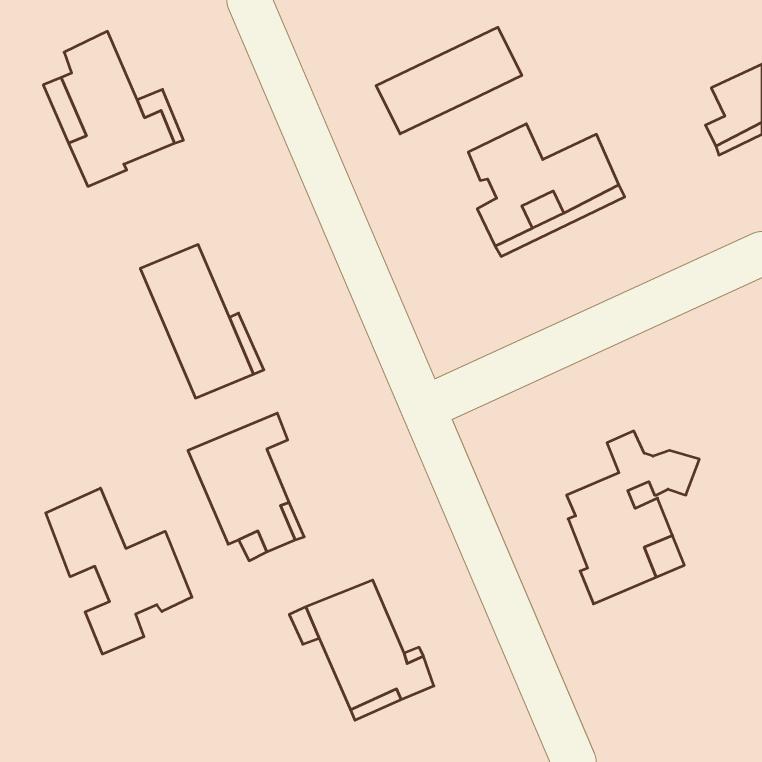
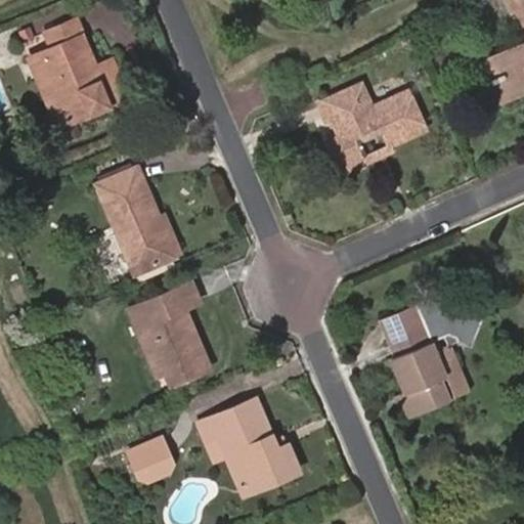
building: [376,27,522,134] -> none
building: none -> [380,304,425,340]
building: [46,488,192,654] -> none
building: none -> [128,435,173,480]

